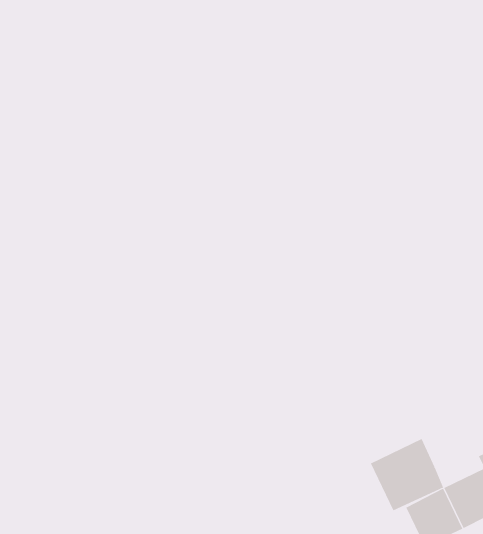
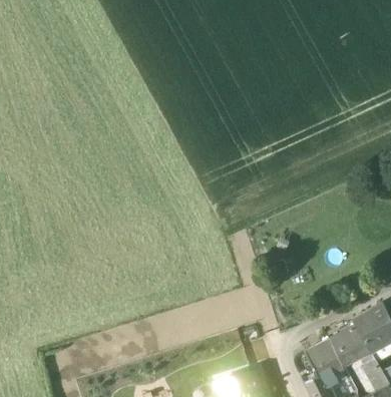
building: [370,438,444,511] -> none

